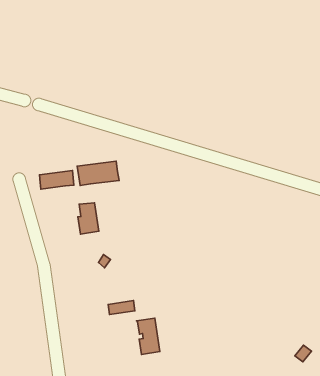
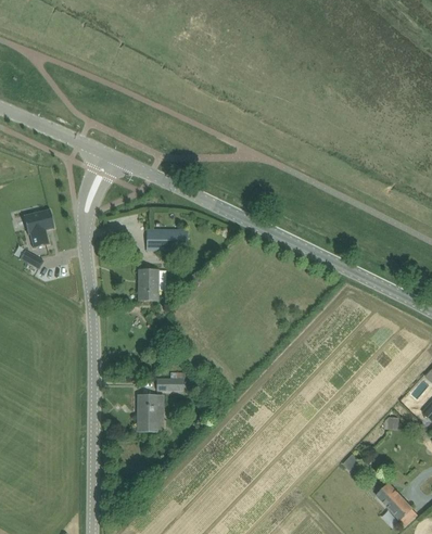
building: [39,171,74,189] -> none
building: [136,318,160,354] -> [137,394,156,430]

